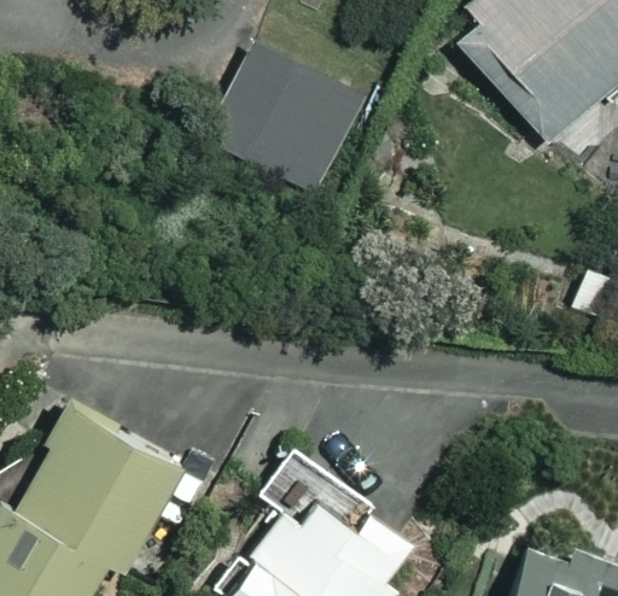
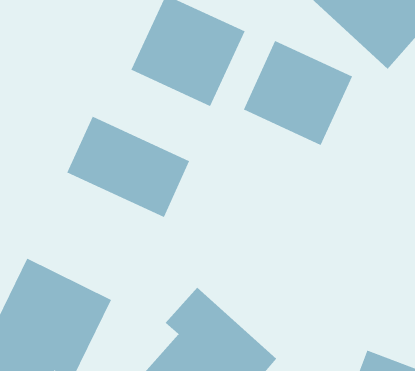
building: none -> [243,40,353,146]
building: none -> [67,116,190,218]

